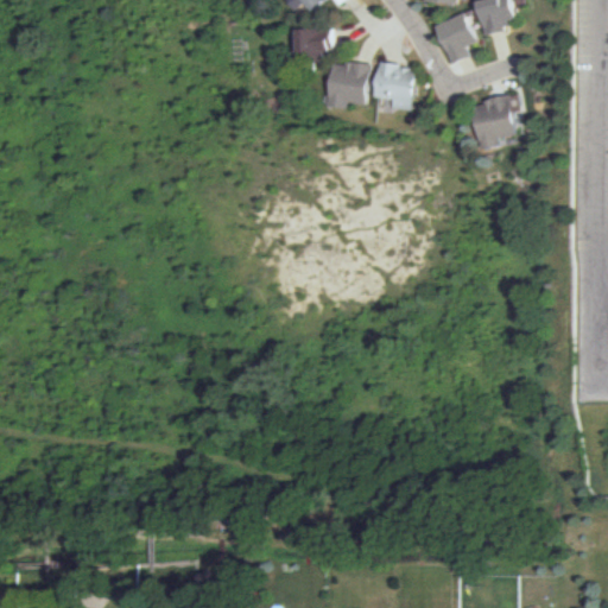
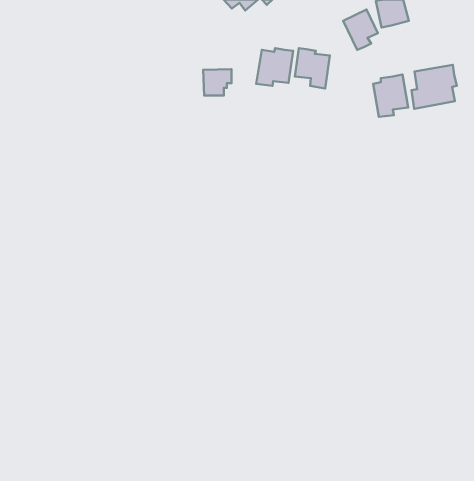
building: [294,28,330,62] -> [203,69,231,95]
building: none -> [412,65,457,109]

